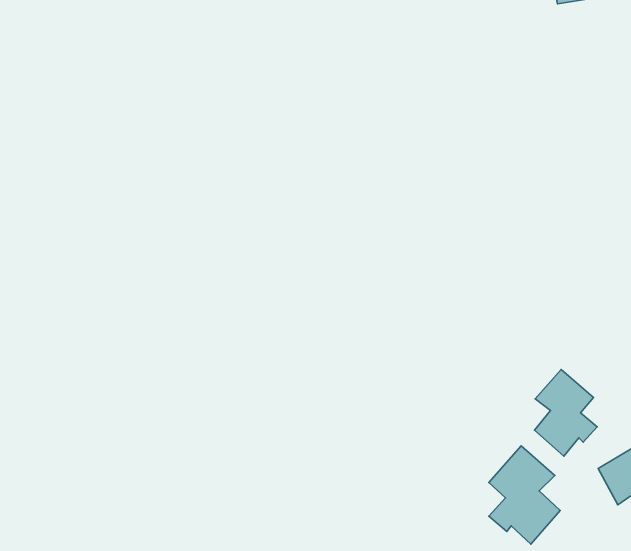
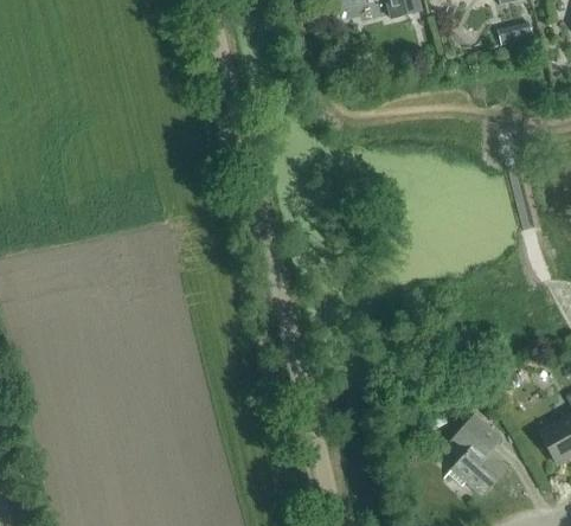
building: [534,369,597,456] -> none

